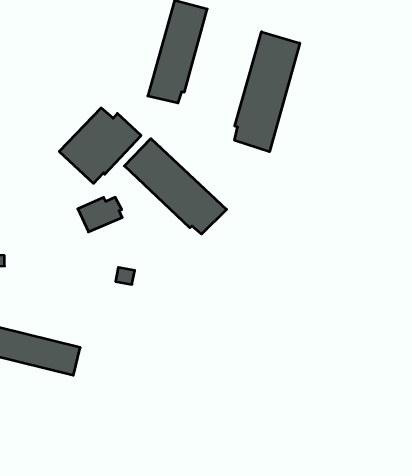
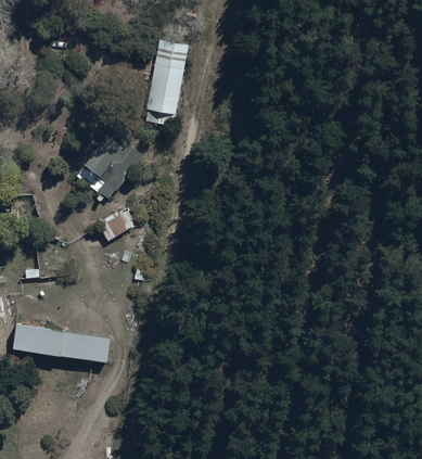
building: [235,32,300,152] -> none
building: [124,139,227,234] -> none

